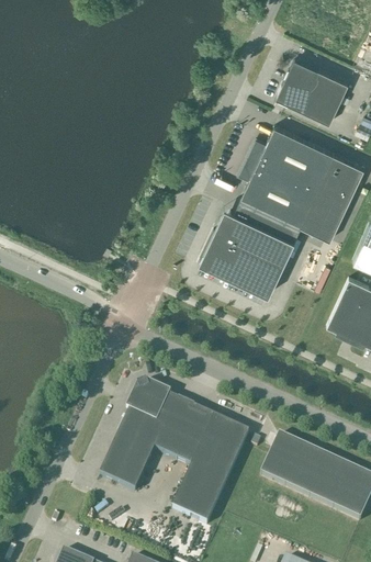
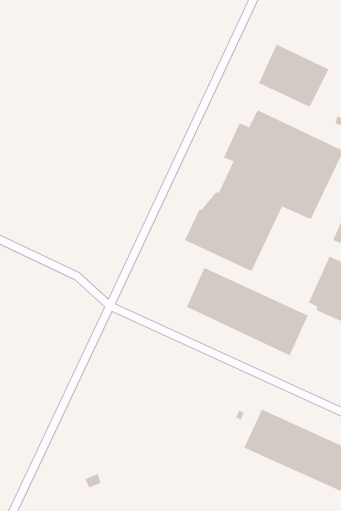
building: none -> [186,267,309,356]
building: [100,384,250,526] -> none

